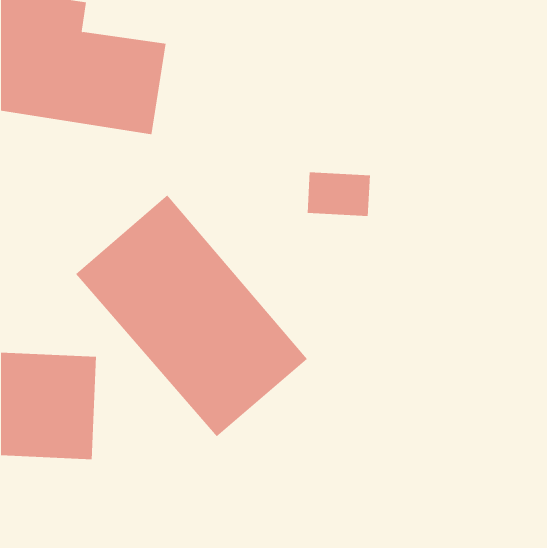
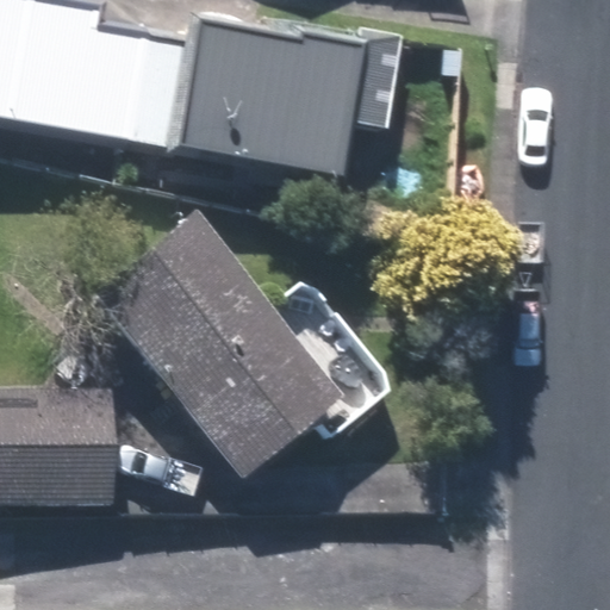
building: none -> [176,15,398,174]

